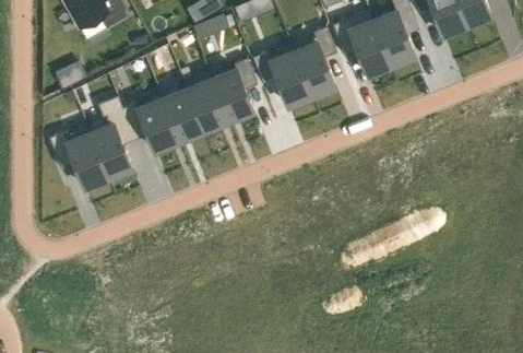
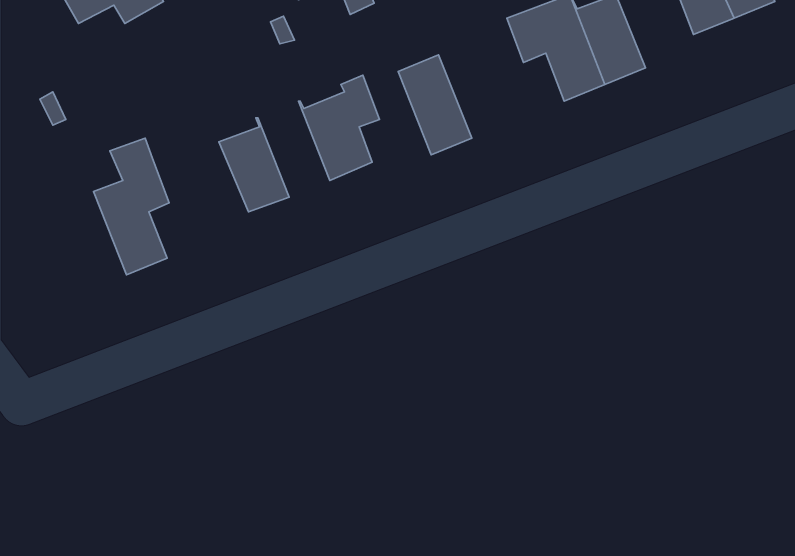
building: [293,27,337,96] -> none
building: [186,74,228,131] -> none
building: [123,98,180,150] -> none
building: [50,128,108,187] -> none

